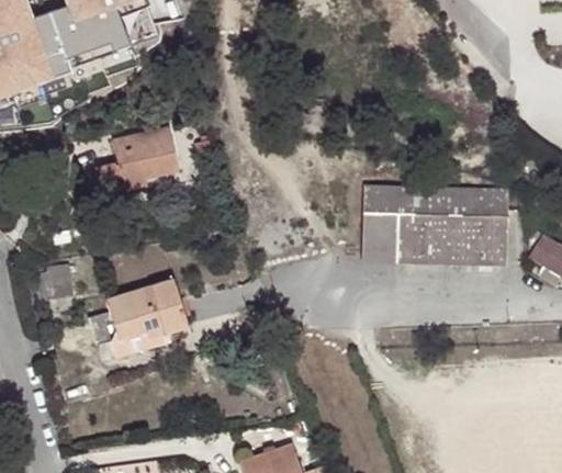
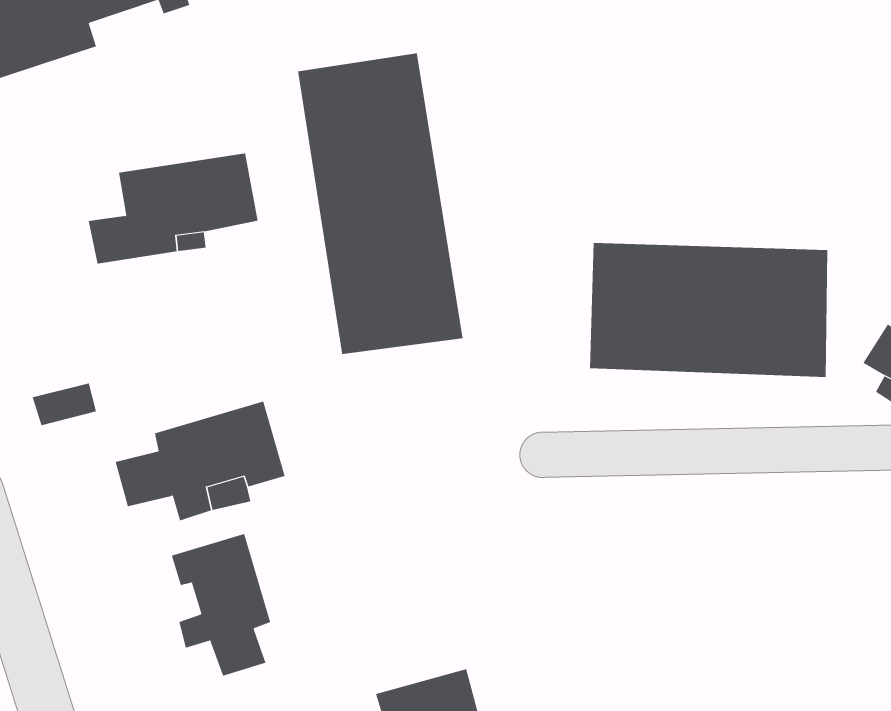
building: none -> [298,53,463,355]
building: none -> [171,533,271,676]

